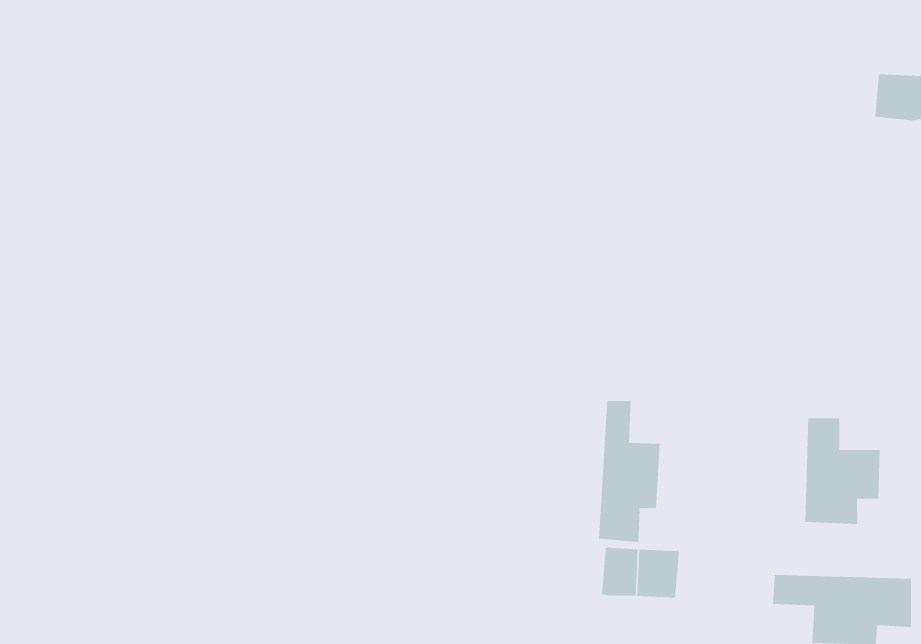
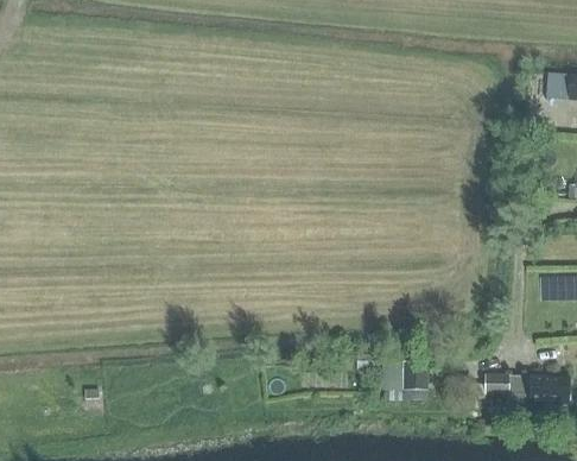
building: [599,400,660,543] -> none
building: [805,418,880,525] -> none

